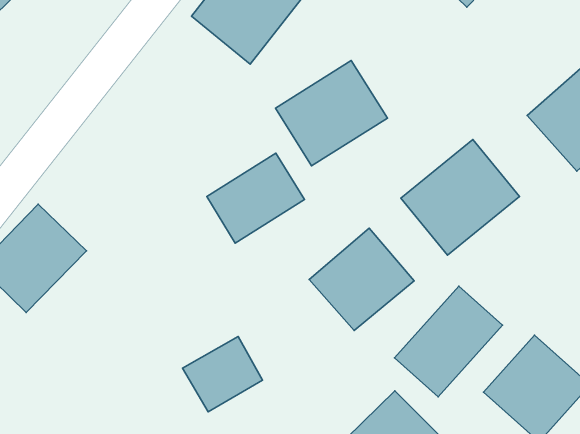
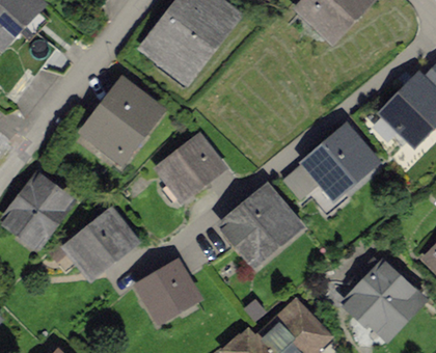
building: none -> [76,72,161,159]
building: [275,60,387,166] -> none
building: none -> [62,214,139,284]
building: [395,286,502,397] -> none

